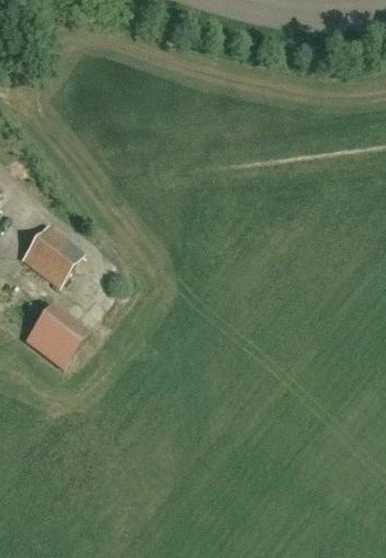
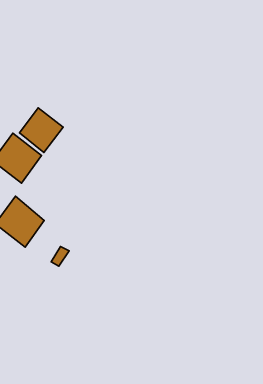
building: none -> [19,108,63,153]

